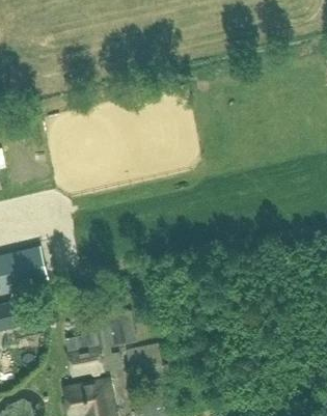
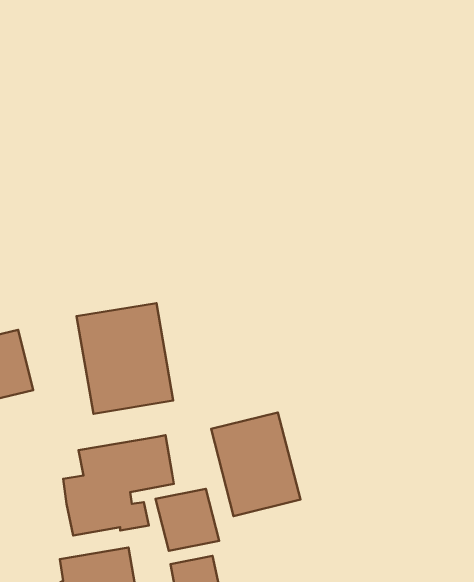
building: none -> [77,303,173,414]
building: none -> [211,412,300,516]

